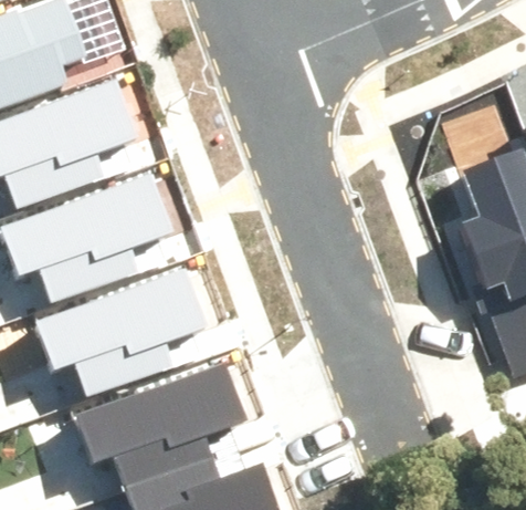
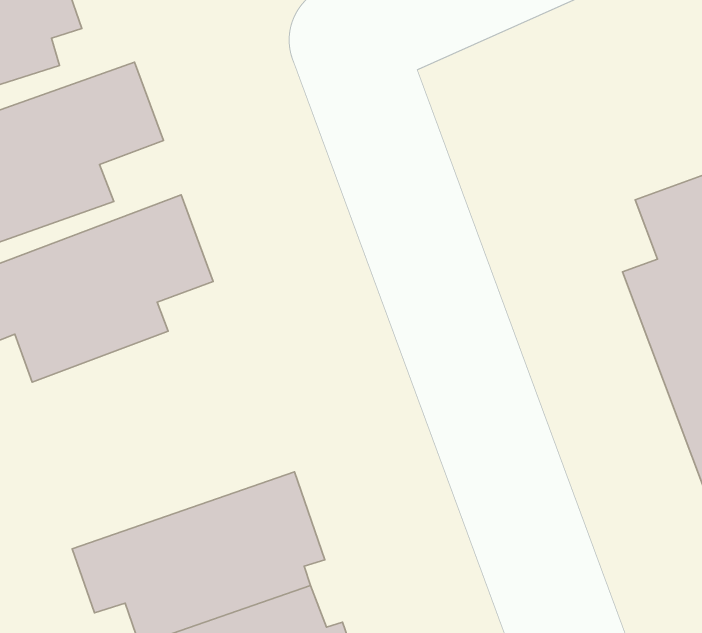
building: [32,266,207,395] -> none

